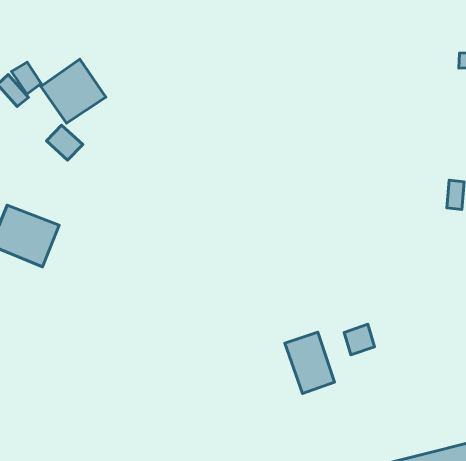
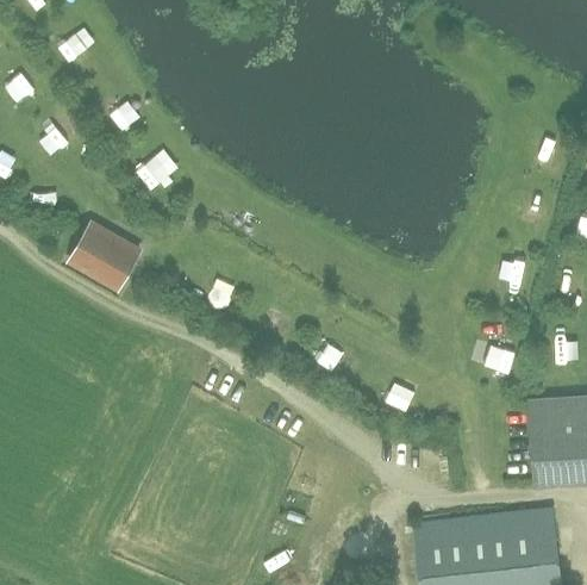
building: [41,59,106,123] -> none
building: [285,332,335,394] -> none

